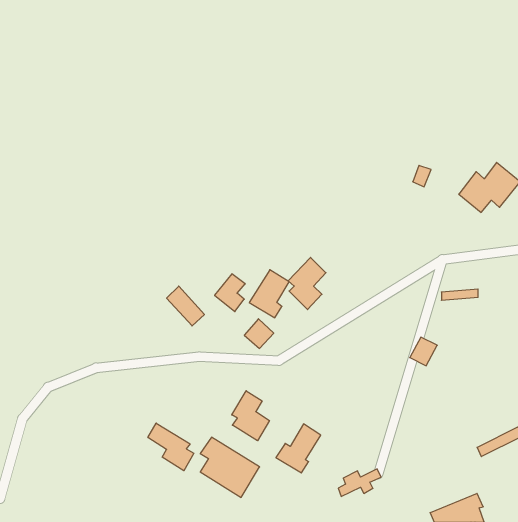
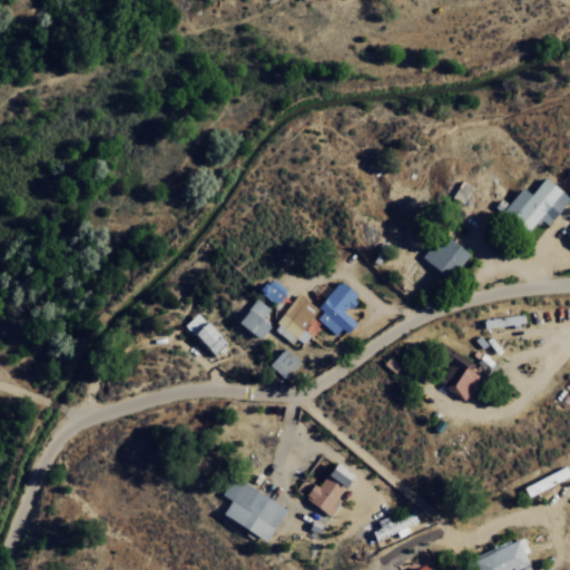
building: none -> [424,235,469,278]
building: [232,391,269,441] -> none
building: [148,423,194,471] -> none

